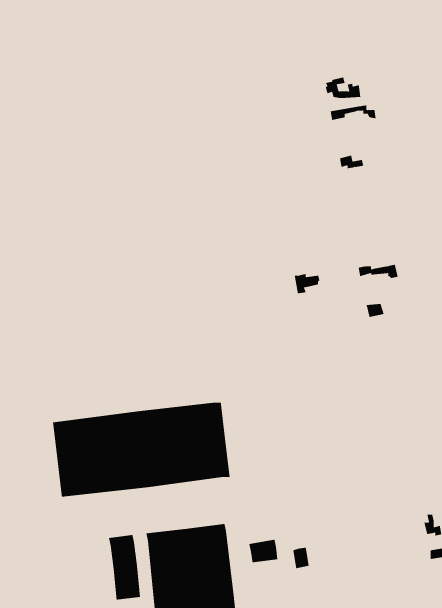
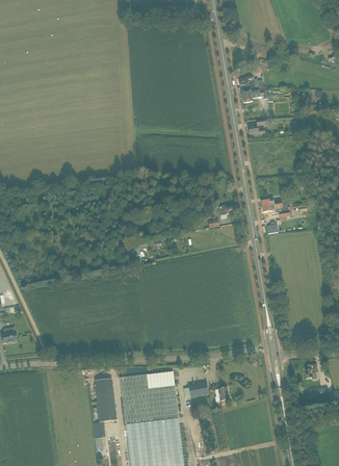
building: [52,402,230,498] -> none

